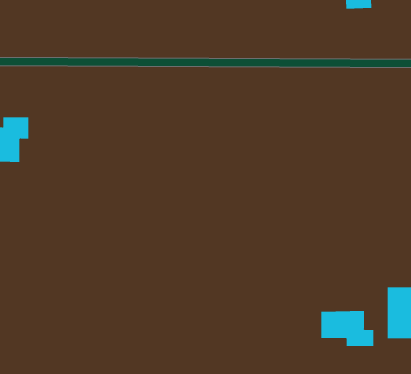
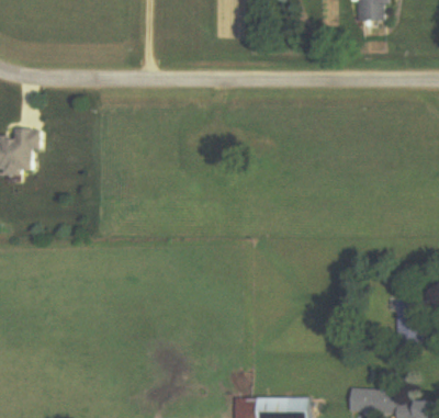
building: [321,310,374,347] -> none

